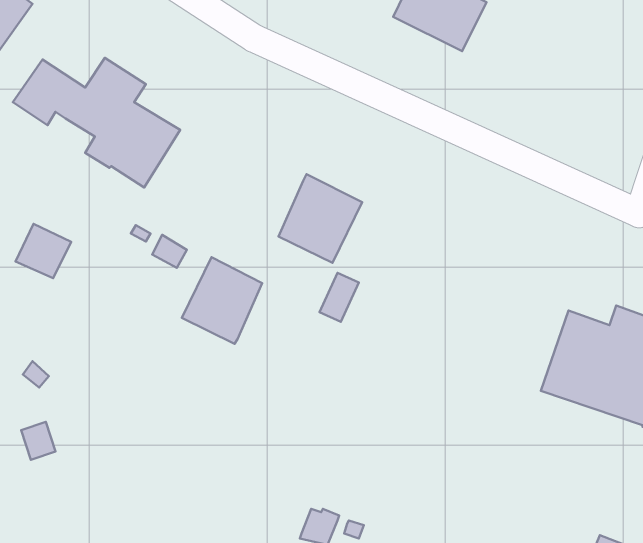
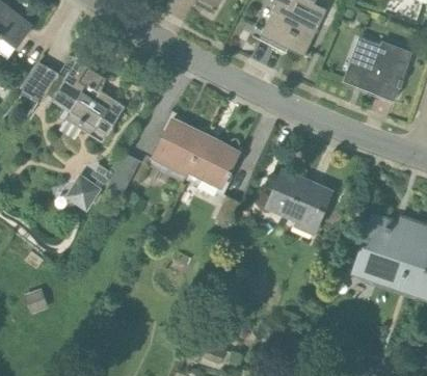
building: none -> [343,36,408,99]
building: [15,224,71,278] -> [69,170,104,205]
building: none -> [267,169,330,231]
building: [182,257,262,344] -> [152,120,203,176]

